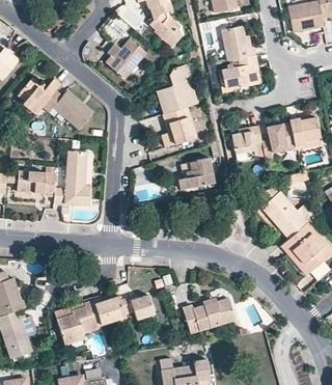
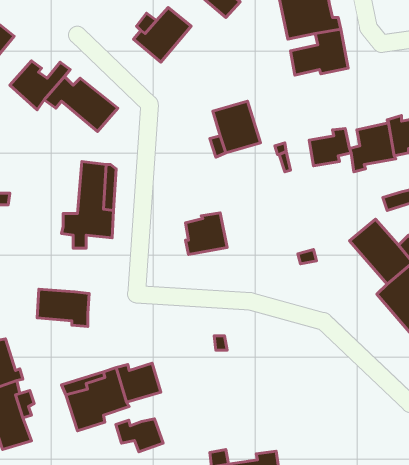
building: [156,64,198,114] -> none
building: [185,158,215,188] -> [185,213,227,255]
building: [19,170,56,197] -> [37,289,89,327]
building: [120,296,155,320] -> [116,419,163,452]
building: [183,298,236,332] -> none

